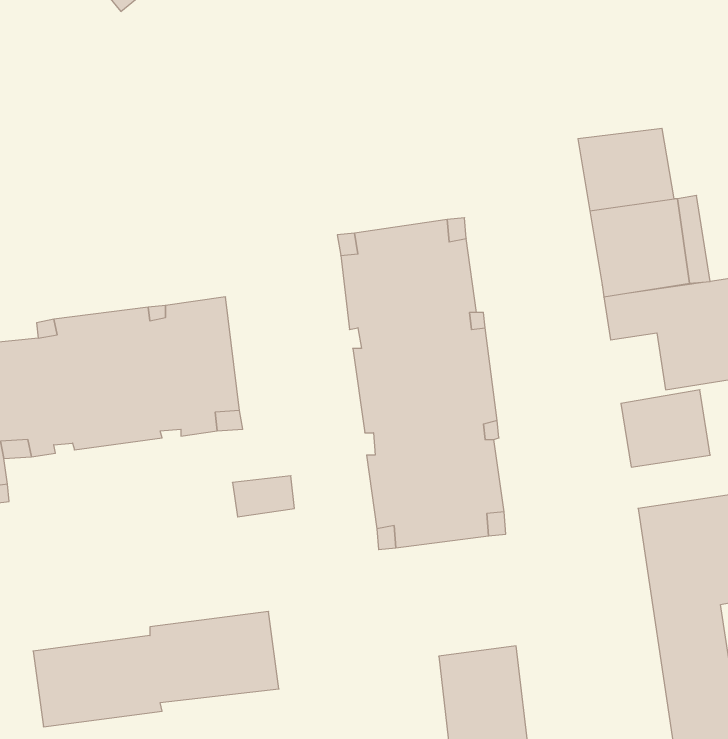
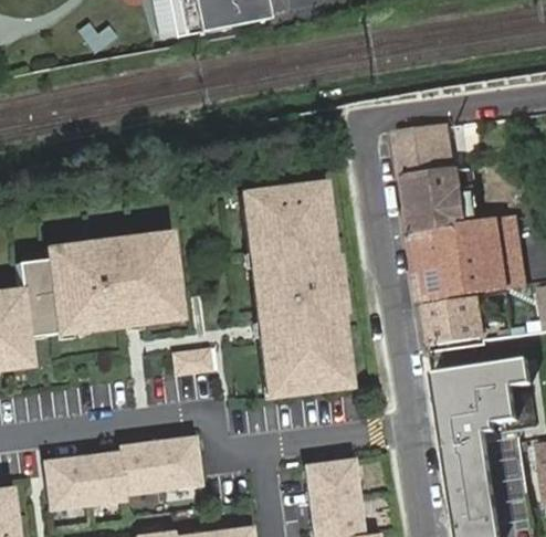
building: none -> [416,256,451,297]

